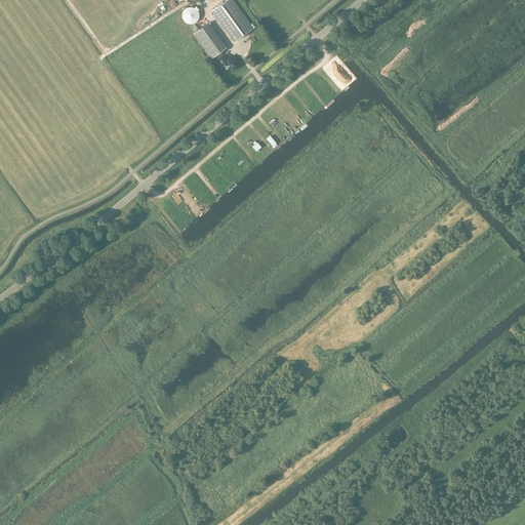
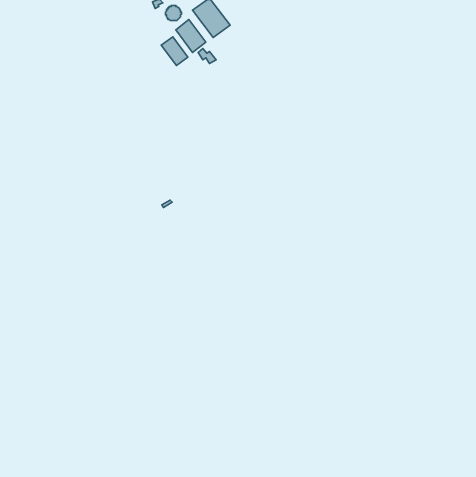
building: none -> [161,37,188,65]

